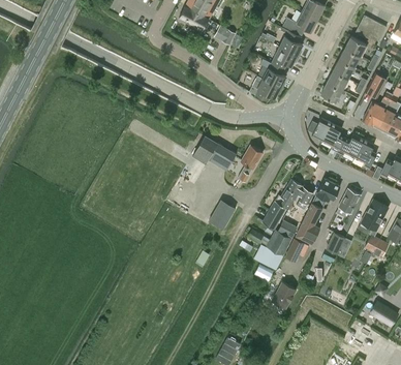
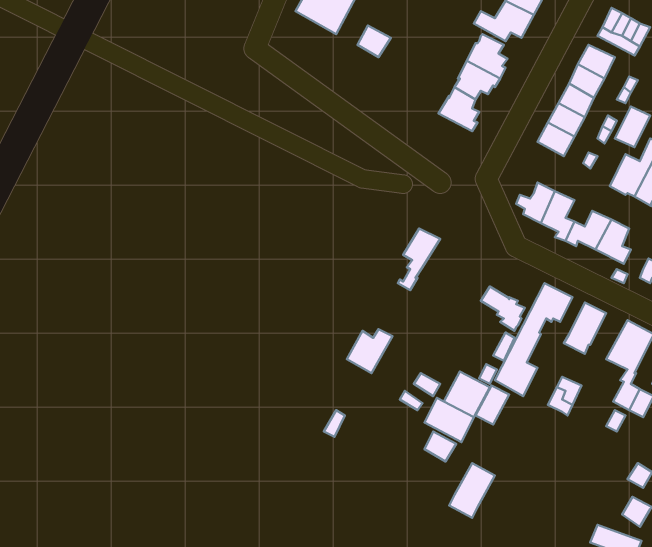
building: [249,77,282,101] -> none
building: [193,135,238,171] -> none
building: [263,188,298,230] -> none

